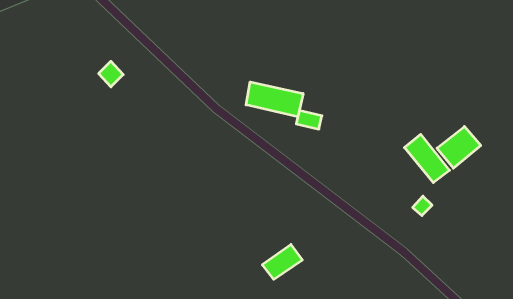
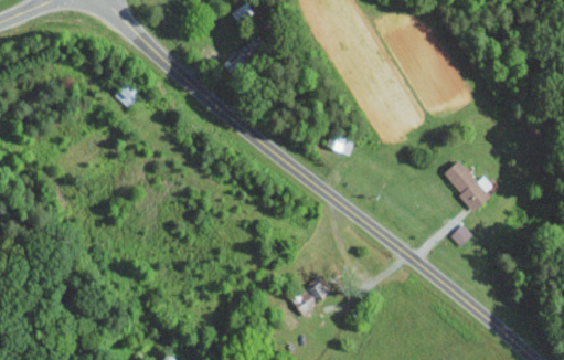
building: [246,82,303,117] -> none
building: [437,126,481,168] -> none

